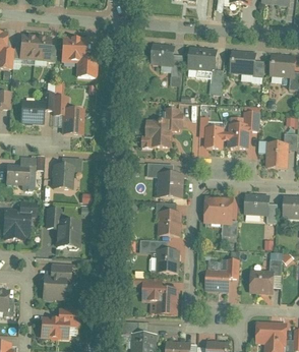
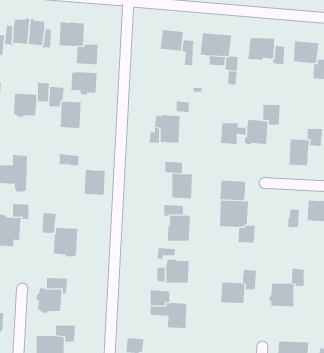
building: none -> [71,71,97,96]
building: [52,165,71,188] -> [84,169,106,195]
building: [244,195,267,214] -> [220,180,246,201]

